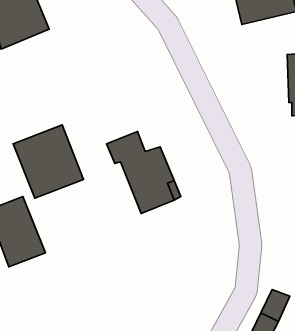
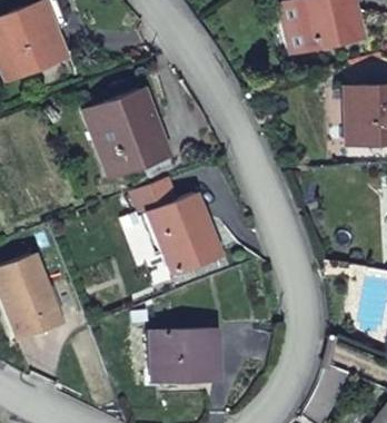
building: [13,125,84,198] -> [86,90,169,177]
building: none -> [151,329,219,382]

